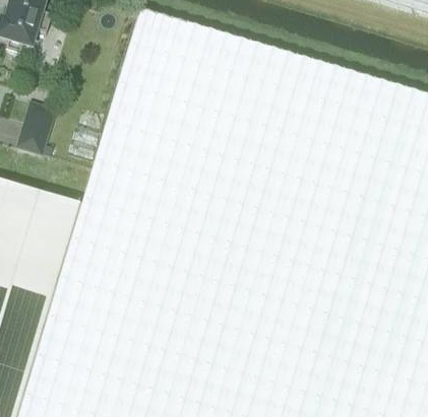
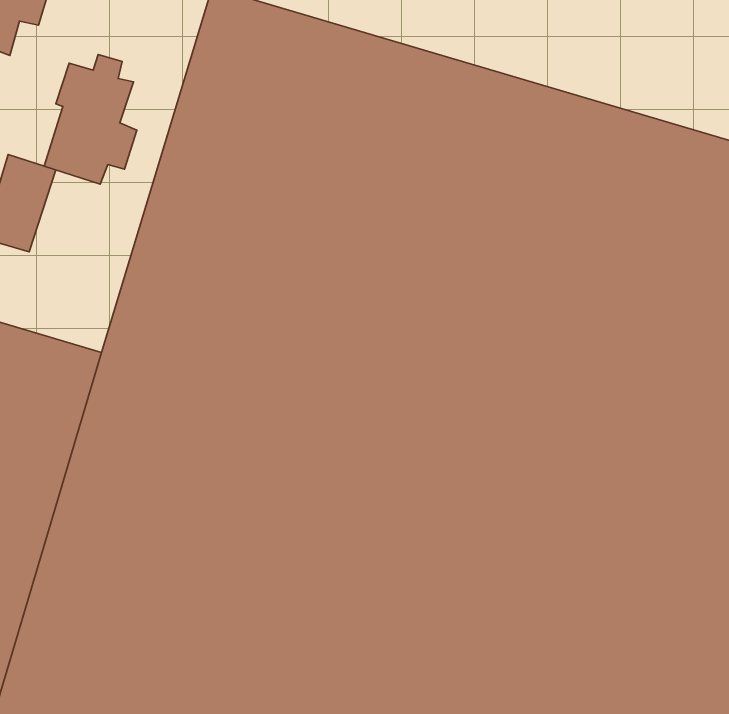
building: none -> [44,54,137,184]

